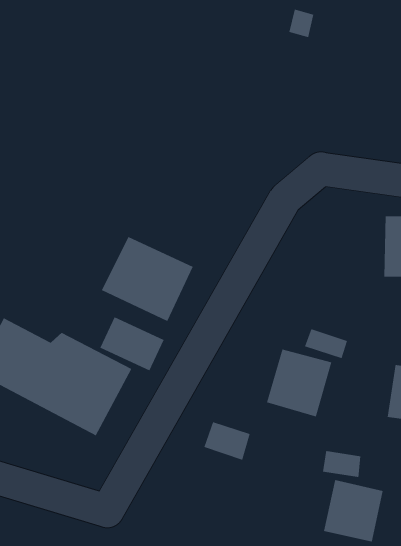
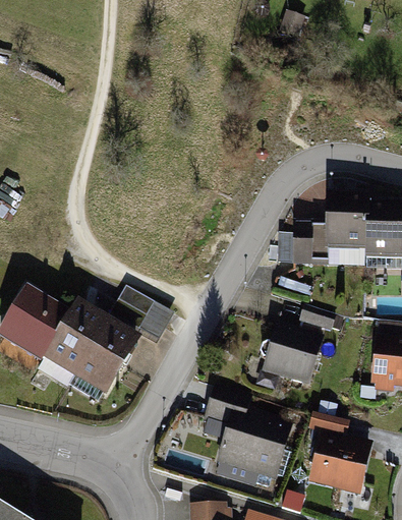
building: none -> [326,197,364,251]
building: [101,236,193,322] -> none
building: none -> [292,223,322,267]
building: none -> [216,410,291,483]

